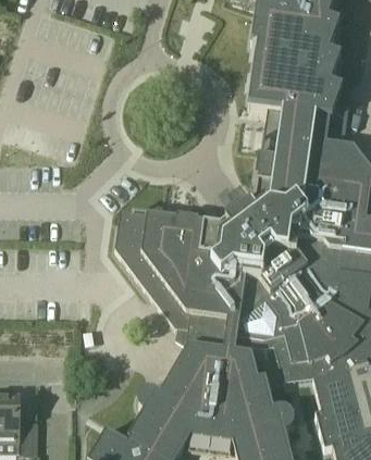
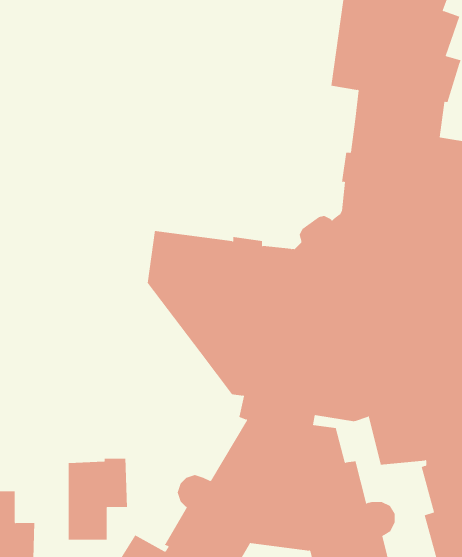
building: none -> [68,458,127,541]

